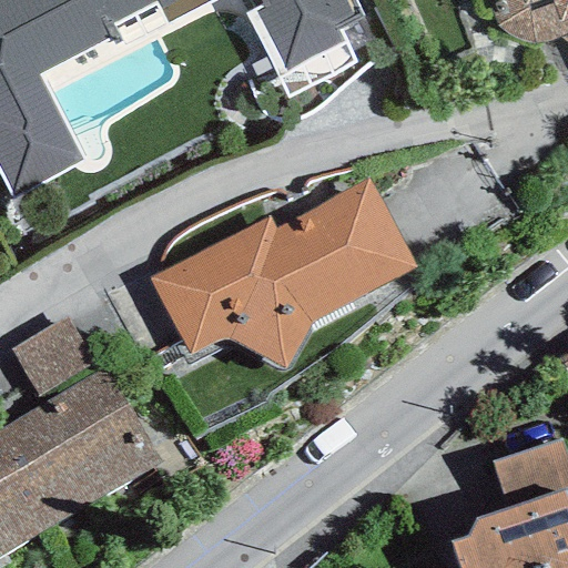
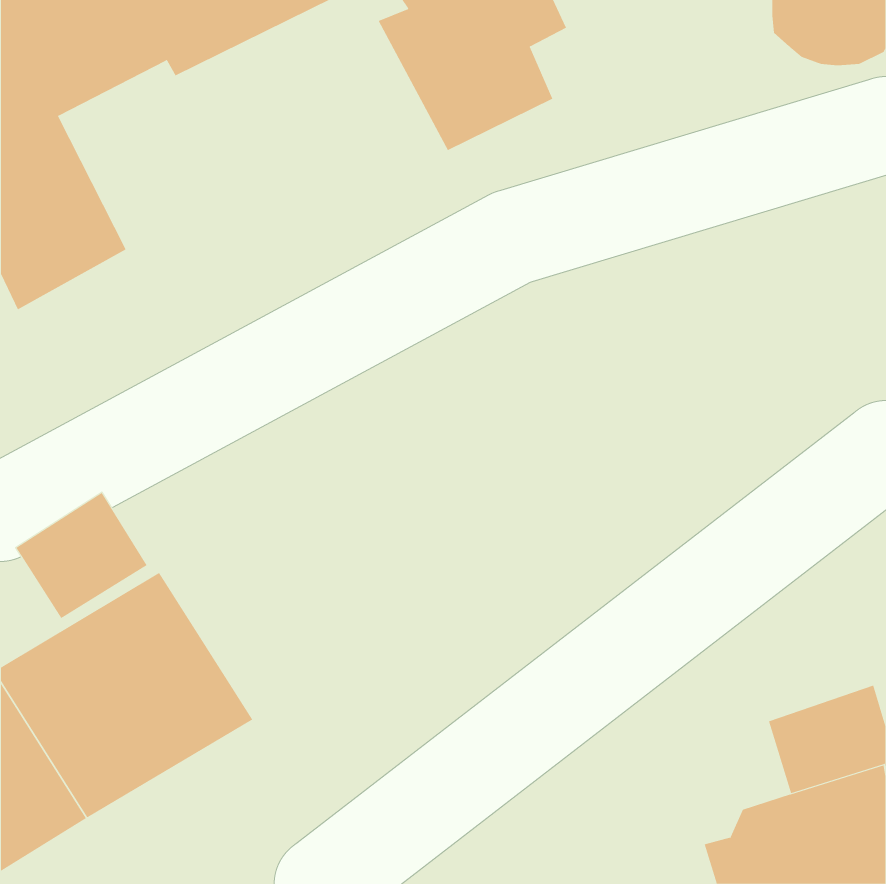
building: [149,178,416,367] -> none

